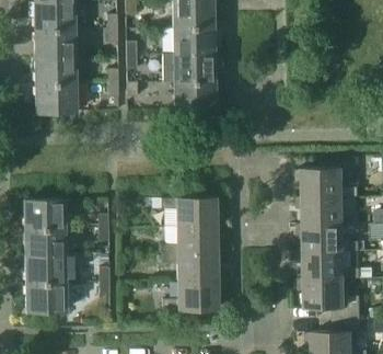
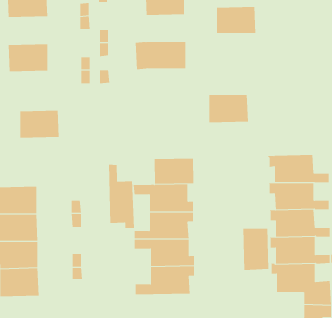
building: [173,27,213,55] -> [216,6,256,34]
building: [34,30,74,58] -> none
building: [174,82,214,111] -> [208,95,249,123]
building: [35,84,76,113] -> [19,110,60,138]
building: none -> [154,158,194,185]
building: none -> [109,164,134,229]
building: none -> [243,228,269,271]

